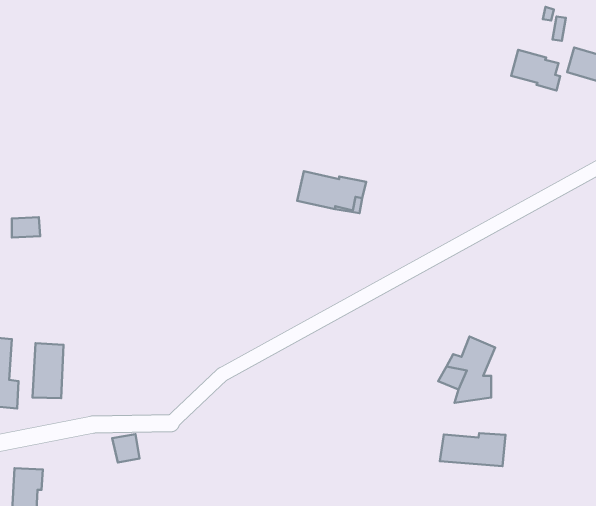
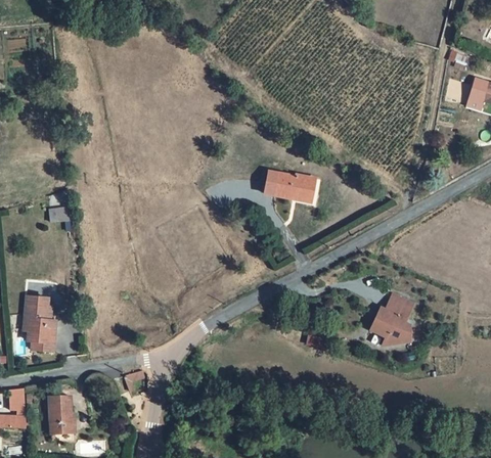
building: [511,50,560,91] -> none
building: [33,343,64,398] -> none
building: [440,433,505,466] -> none

